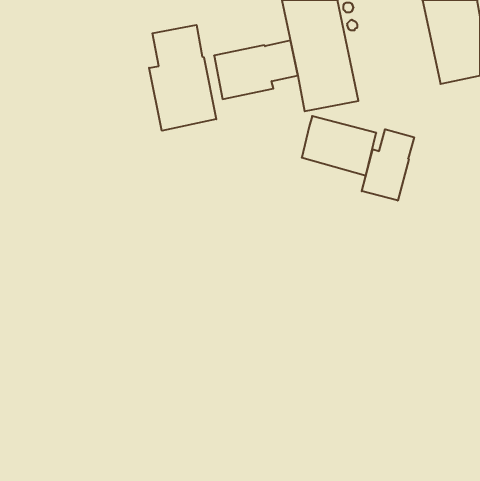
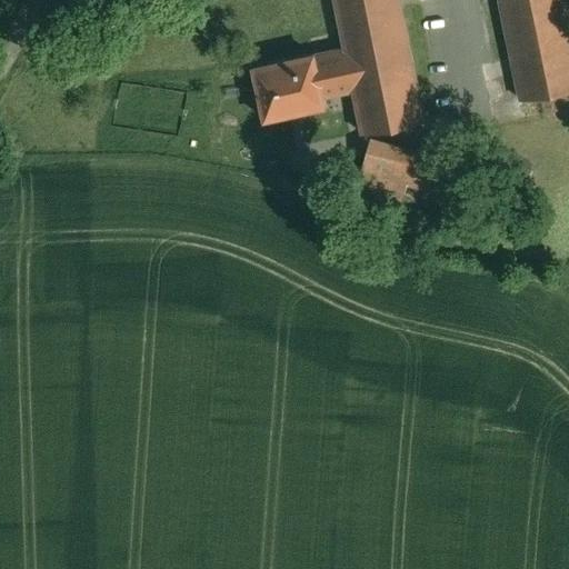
building: [149,25,216,131] -> none
building: [362,129,414,201] -> none

